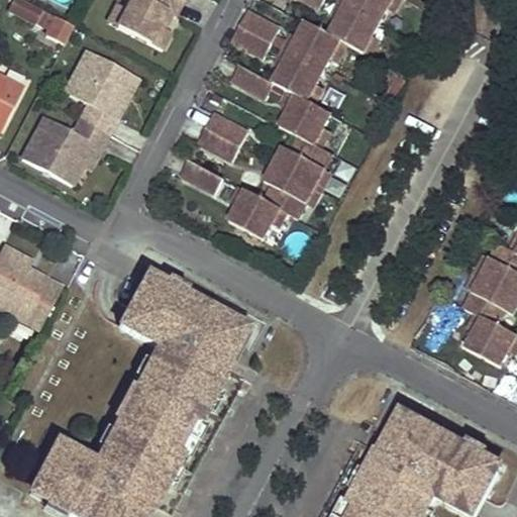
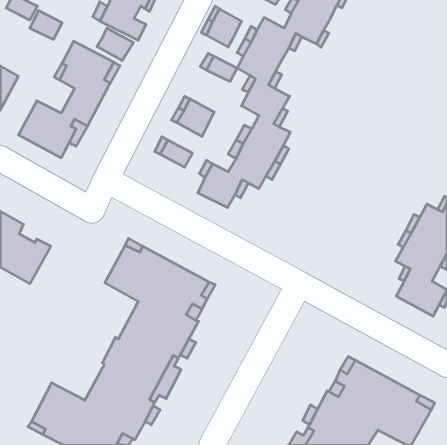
building: none -> [97,28,133,61]

